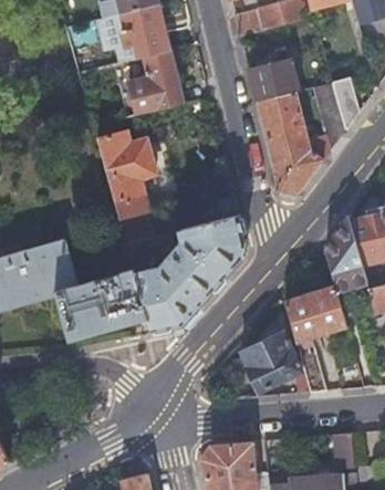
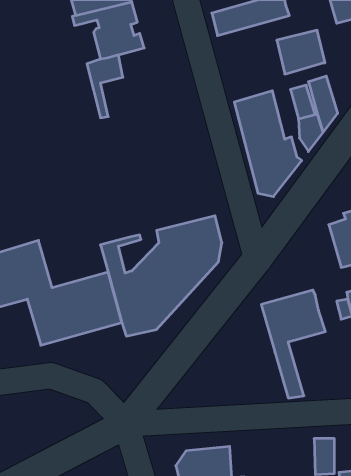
building: [126,49,181,116] -> none
building: [250,59,298,102] -> [277,30,325,74]
building: [93,119,155,242] -> none
building: [325,218,367,291] -> none
building: [241,331,303,392] -> none

